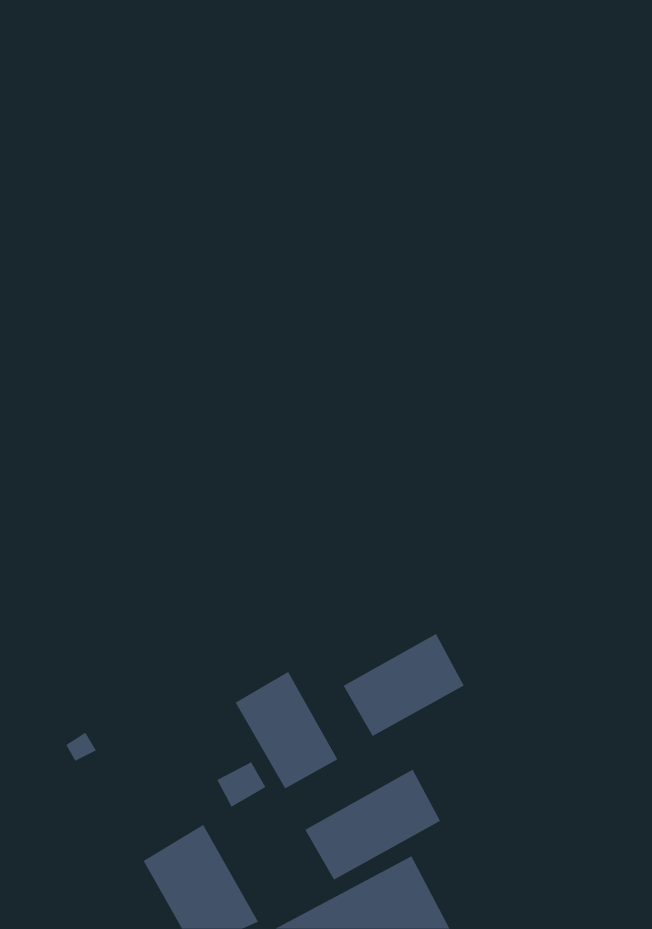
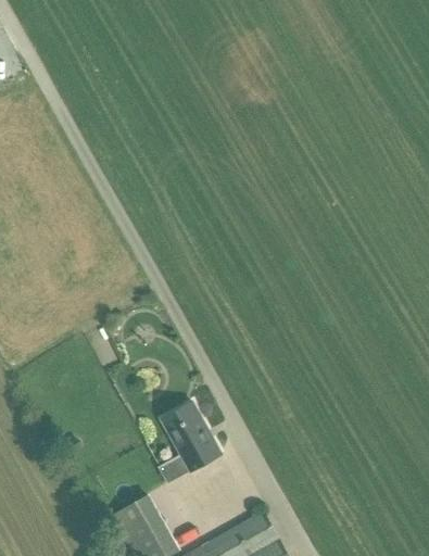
building: [343,633,465,737] -> none
building: [305,769,441,880] -> none

